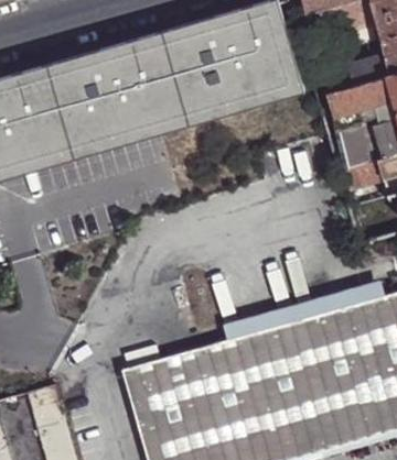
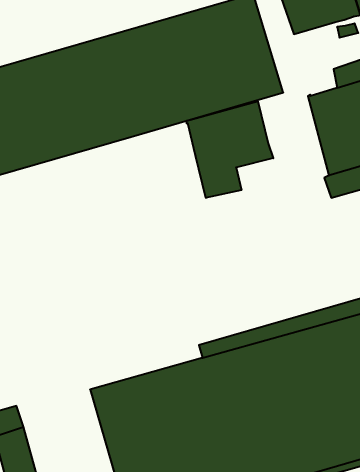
building: none -> [187,101,273,198]

